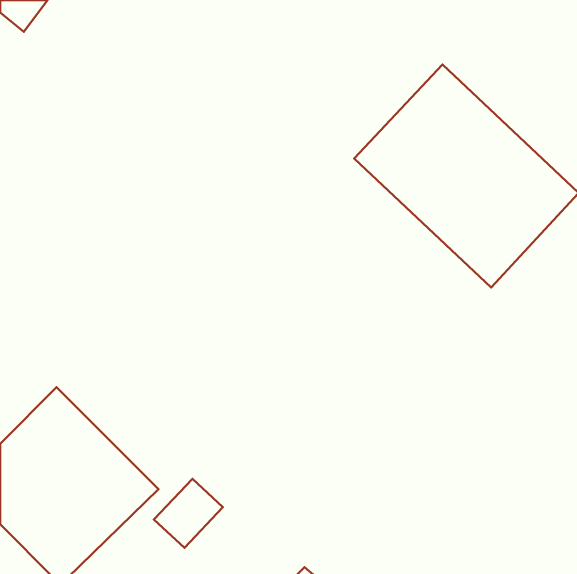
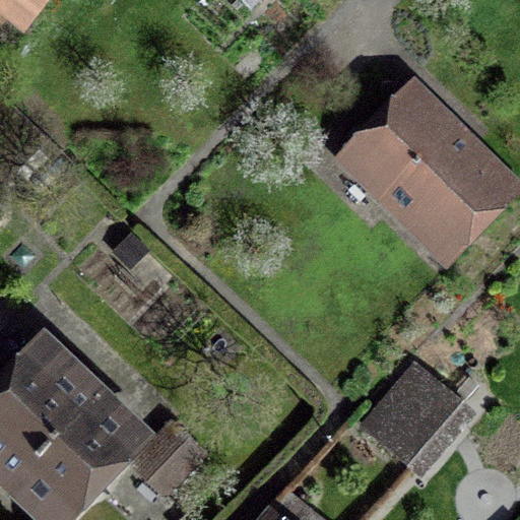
building: none -> [358,365,472,482]

